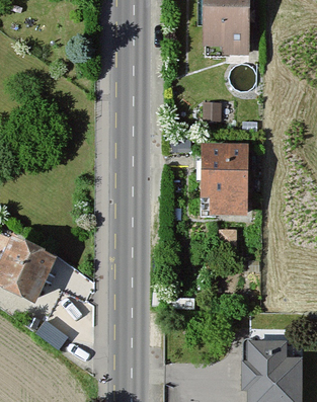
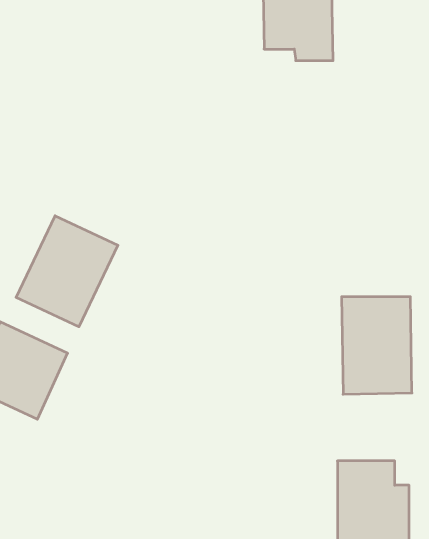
building: [197,146,247,215] -> [342,297,412,394]
building: none -> [16,216,118,327]

